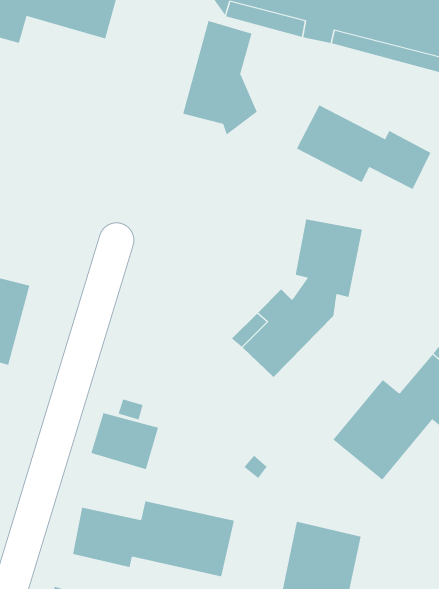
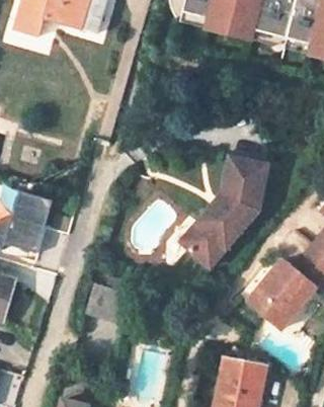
building: [183,20,257,136] -> none
building: [296,105,431,190] -> none
building: [72,500,235,577] -> none

